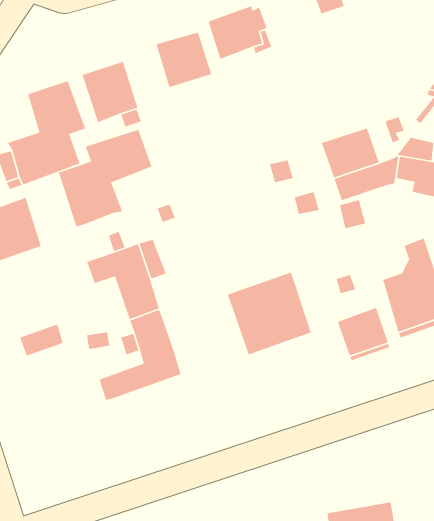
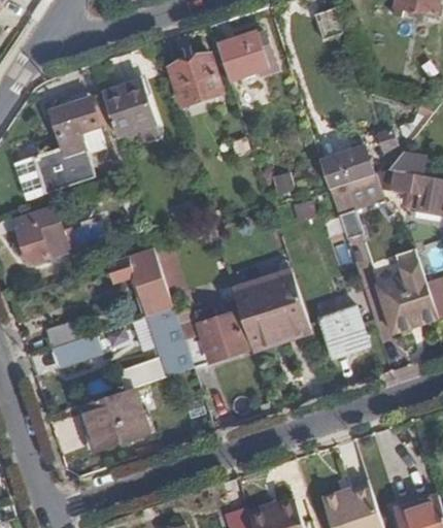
building: [58,129,153,227] -> none
building: none -> [186,309,246,367]
building: none -> [52,336,99,371]
building: none -> [78,389,147,451]

